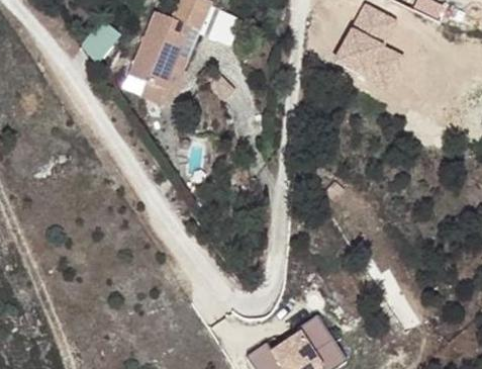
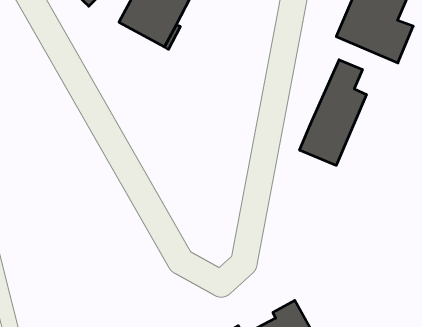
building: none -> [300,60,366,165]

